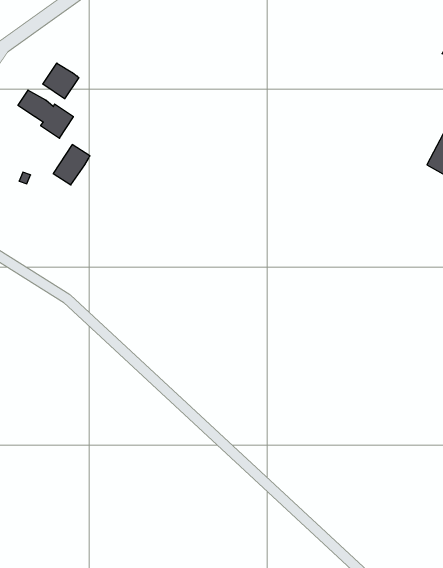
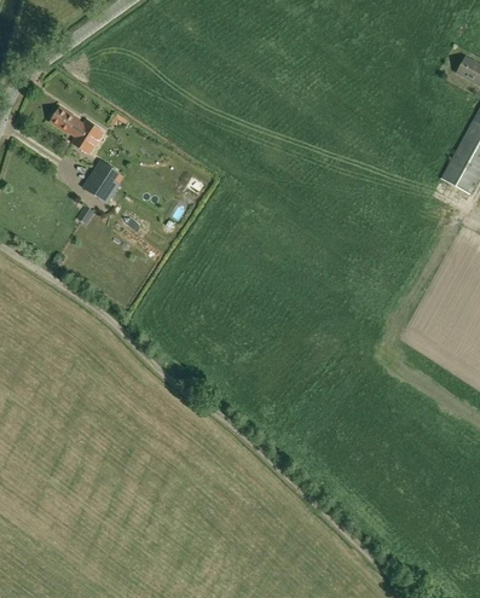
building: [43,63,79,99] -> none

